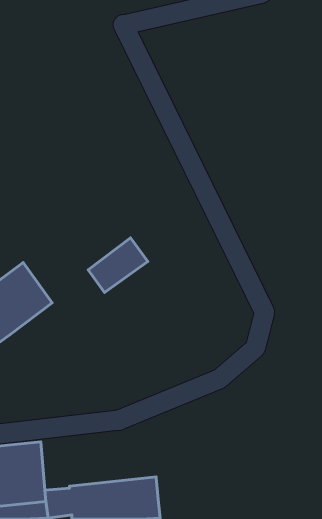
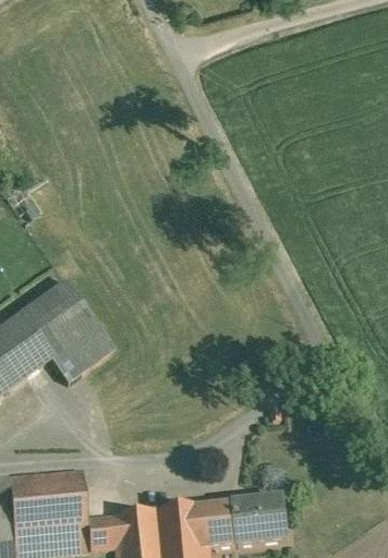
building: [88,238,148,292] -> [48,325,111,383]
building: none -> [203,502,286,548]

